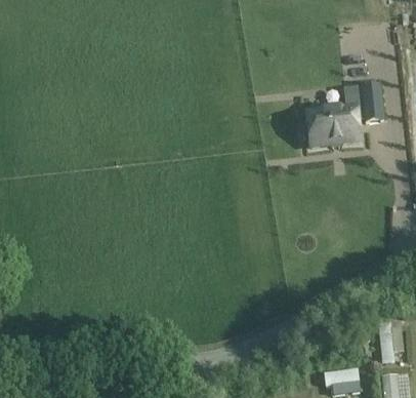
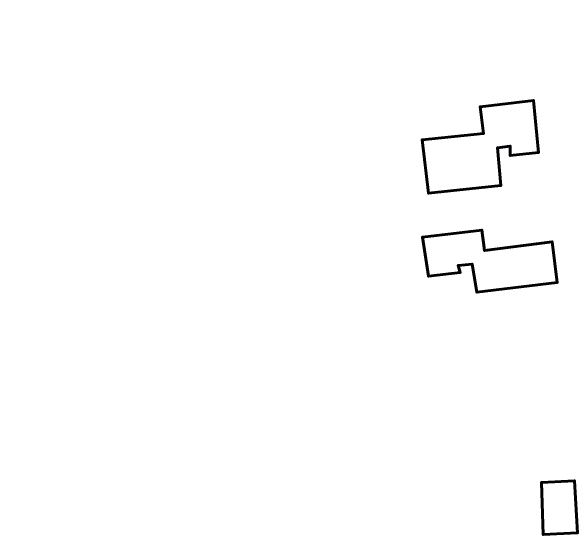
building: none -> [423,230,557,292]

